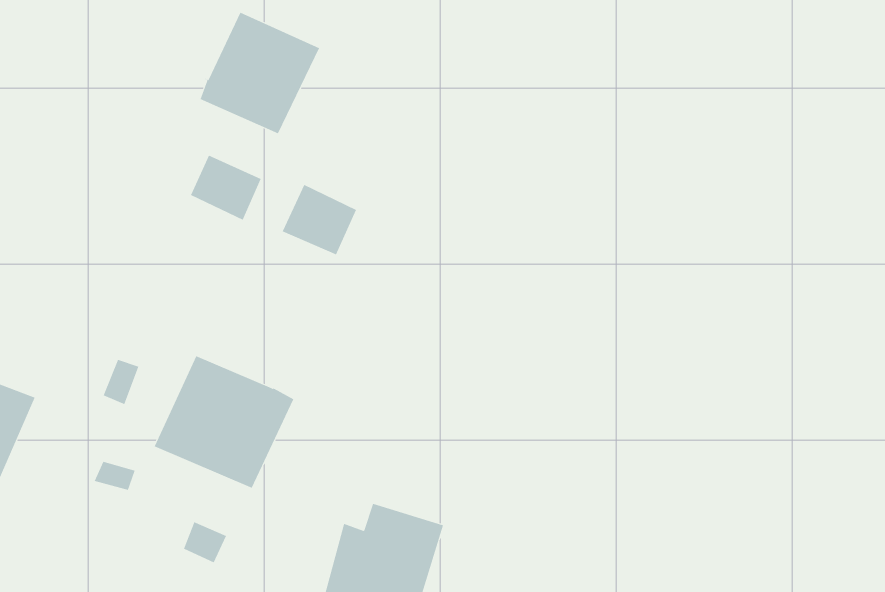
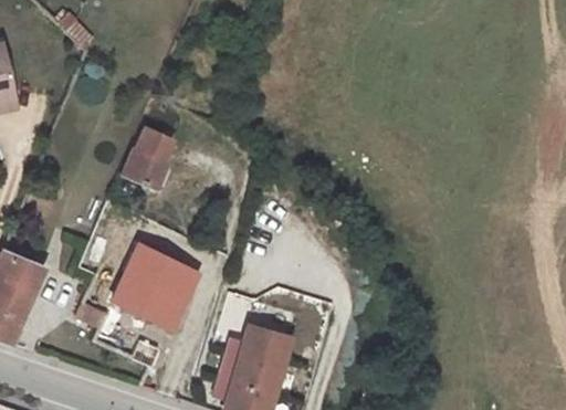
building: [169,12,320,134] -> none
building: [282,184,357,255] -> [123,145,168,188]

